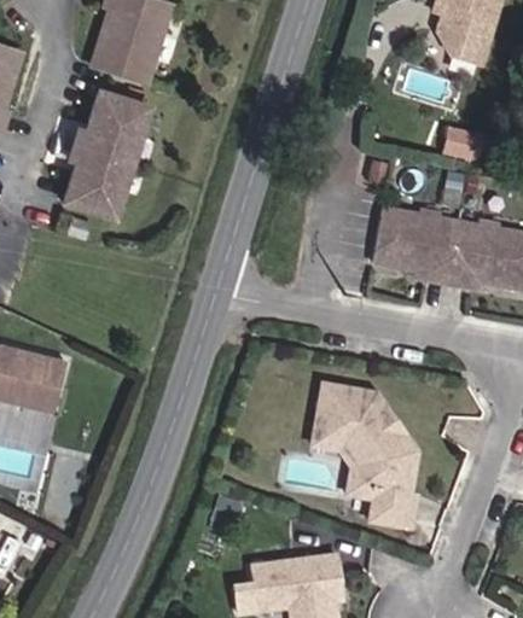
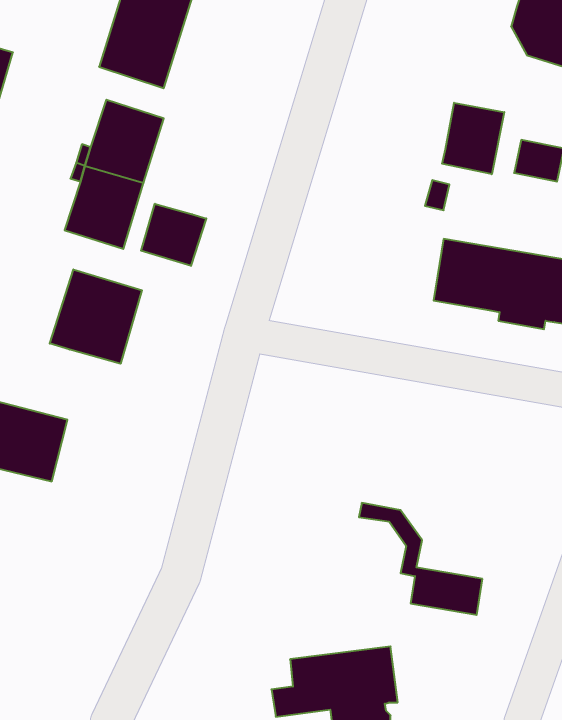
building: none -> [442,103,504,174]
building: none -> [141,204,206,266]
building: none -> [50,269,142,364]
building: [313,383,416,494] -> none

